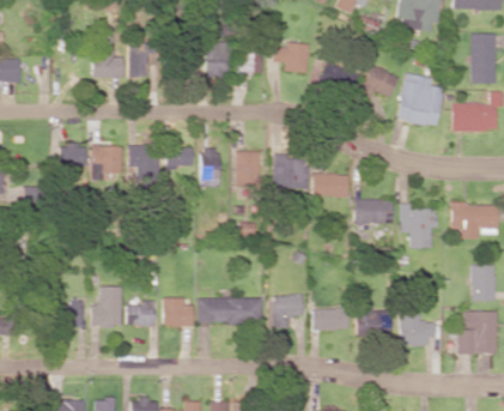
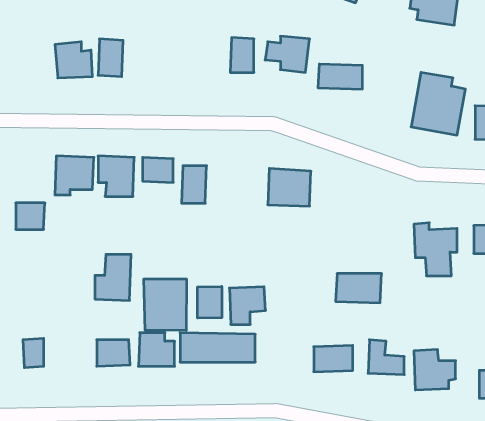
building: [205,42,230,77] -> none
building: [359,66,399,101] -> none
building: [60,144,85,167] -> [16,203,45,229]
building: [236,151,261,187] -> none
building: [314,174,350,197] -> none
building: [354,199,394,224] -> [336,274,382,303]
building: none -> [144,279,186,330]
building: none -> [198,286,222,318]
building: [91,286,122,326] -> [95,254,131,300]
building: [273,295,304,327] -> [229,287,266,324]

